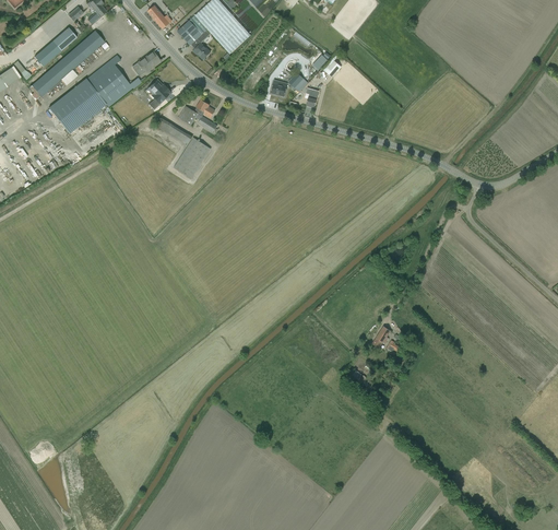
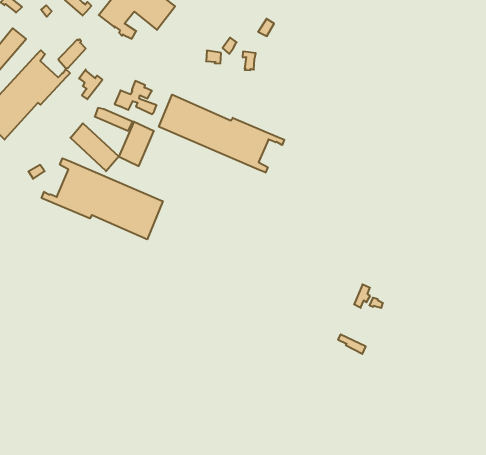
building: none -> [159,95,284,173]
building: none -> [70,123,119,171]
building: none -> [42,158,163,239]

